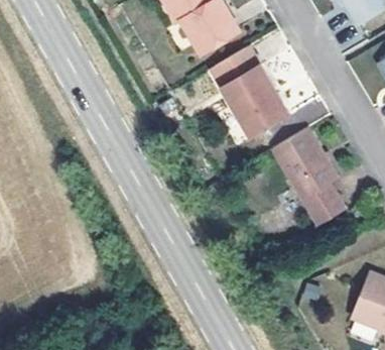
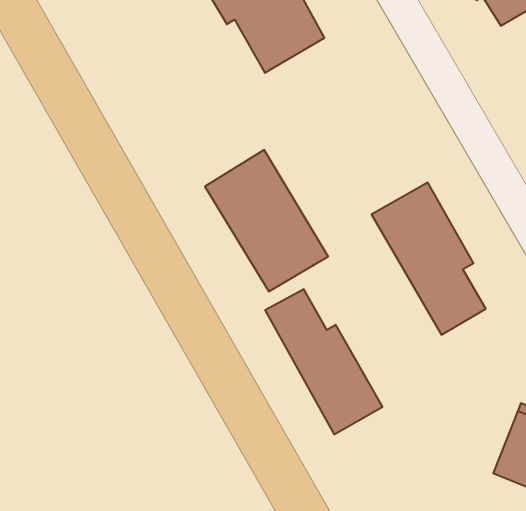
building: [210,43,291,137] -> [205,150,328,291]
building: none -> [265,289,382,434]

